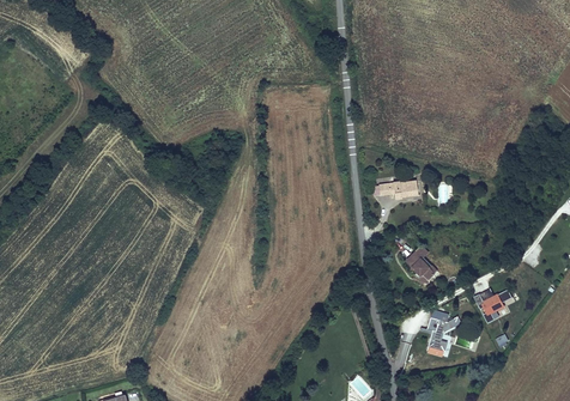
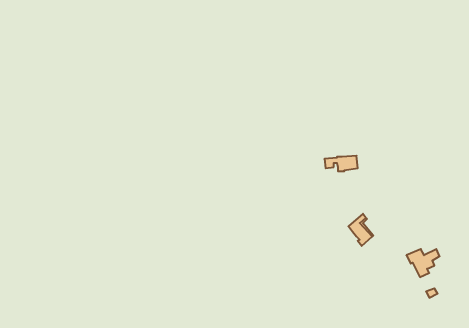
building: [426,309,461,354] -> none

